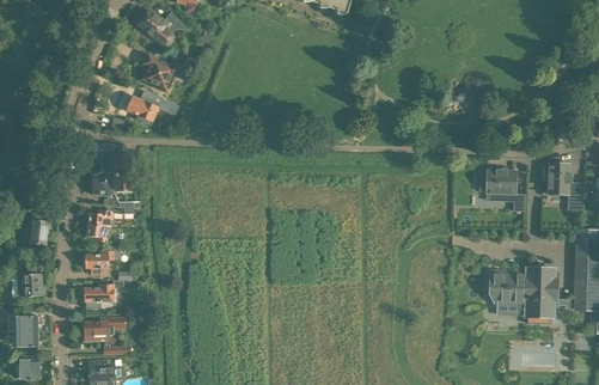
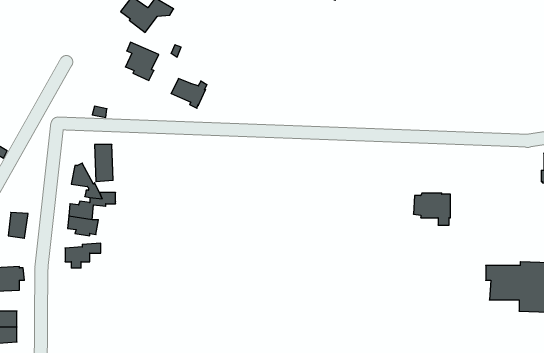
building: [124,96,159,124] -> [171,79,207,108]
building: [478,170,514,201] -> [413,193,450,225]
building: [84,280,122,308] -> none
building: [82,317,124,341] -> none

